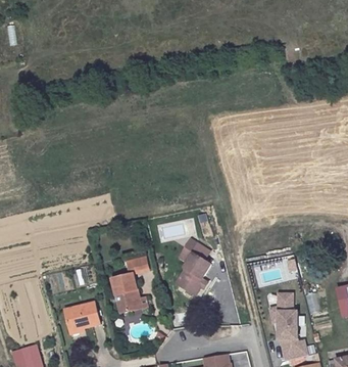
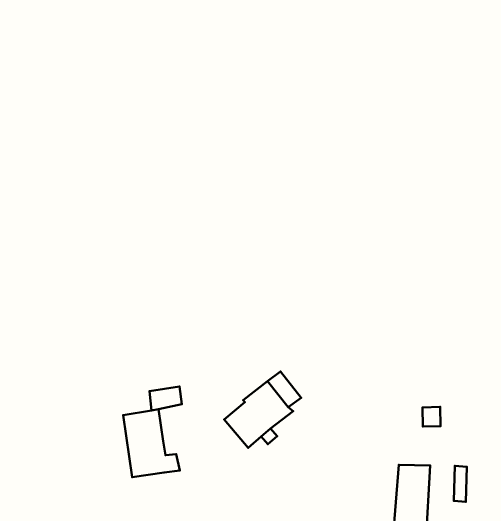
building: [64,301,101,332] -> none

